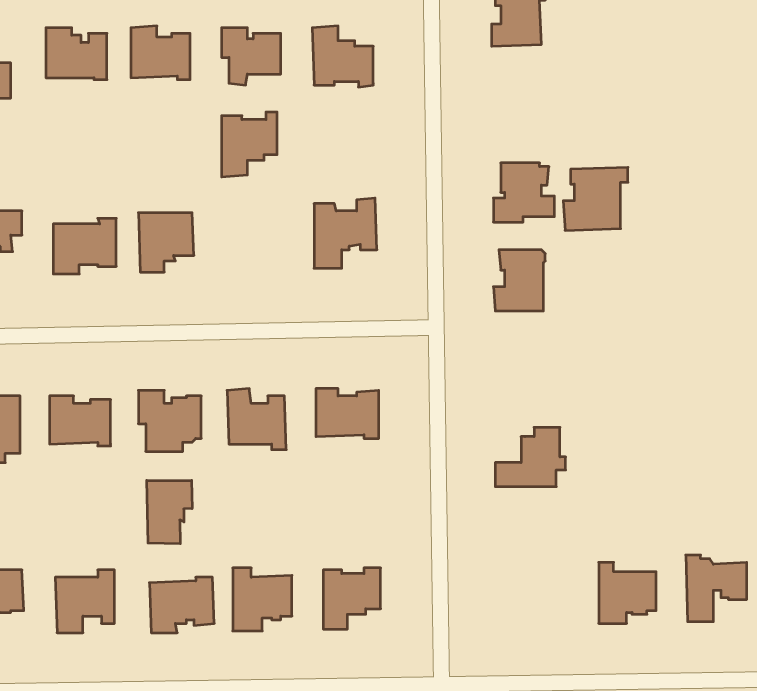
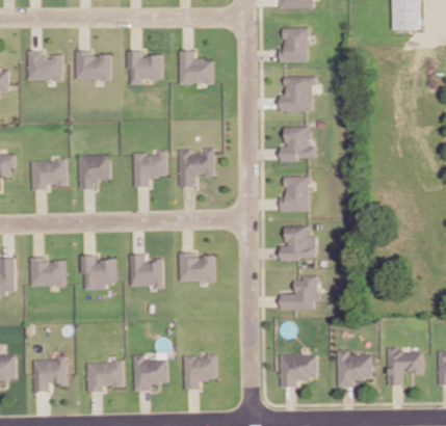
building: [222,112,277,177] -> [134,151,165,187]
building: [563,167,628,230] -> [279,76,315,111]
building: none -> [281,225,315,261]
building: [147,480,192,544] -> none
building: none -> [281,354,317,387]

